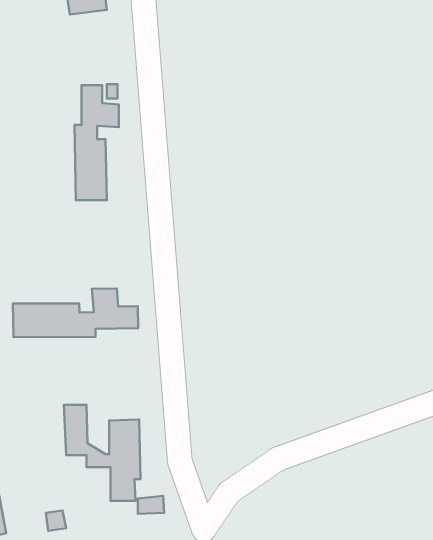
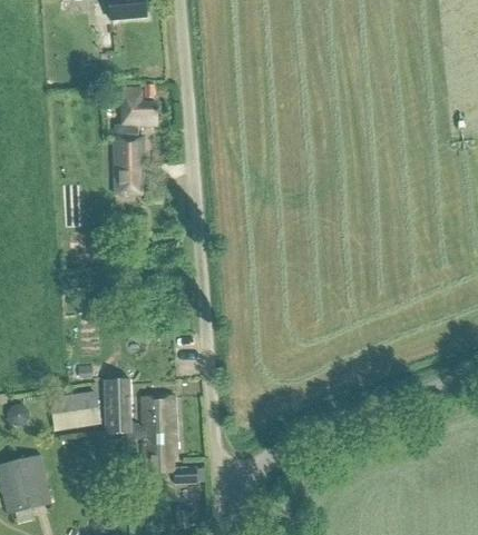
building: [13,288,138,337] -> none
building: none -> [50,392,101,432]

